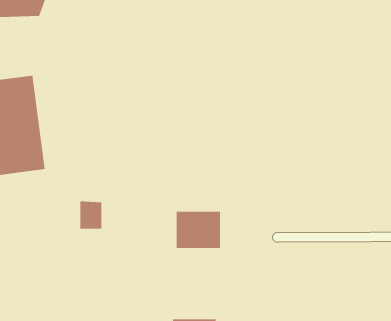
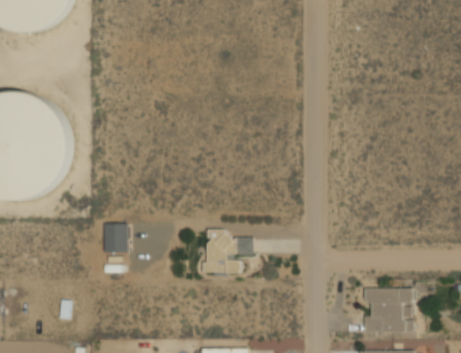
building: none -> [362,290,418,335]

